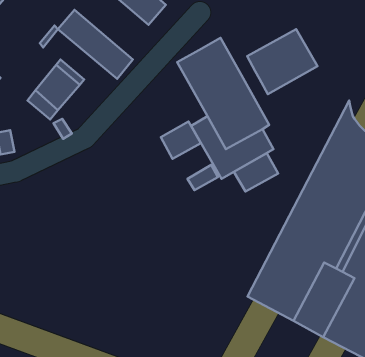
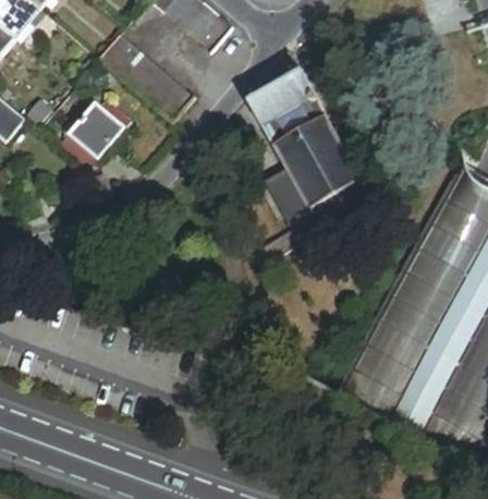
building: [247,29,318,94] -> none
building: [161,121,201,159] -> none
building: [234,153,278,191] -> none

